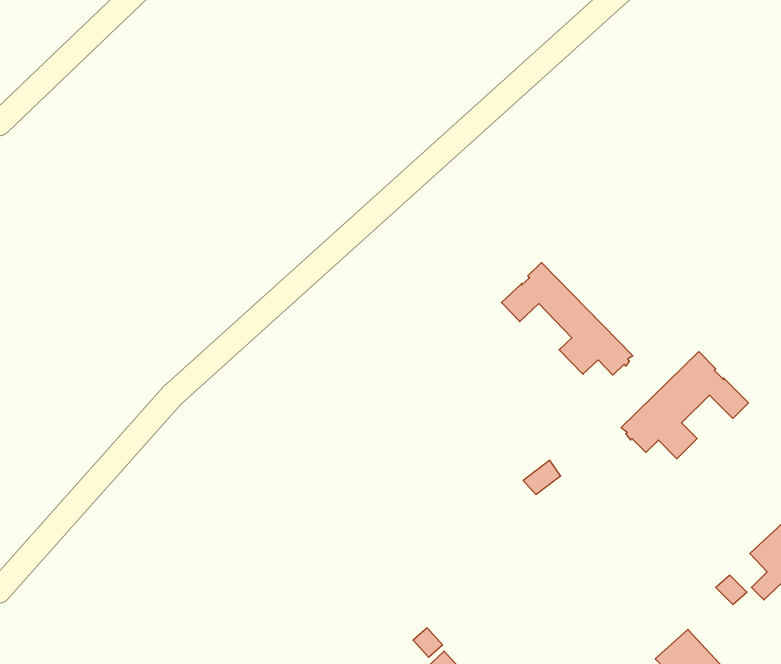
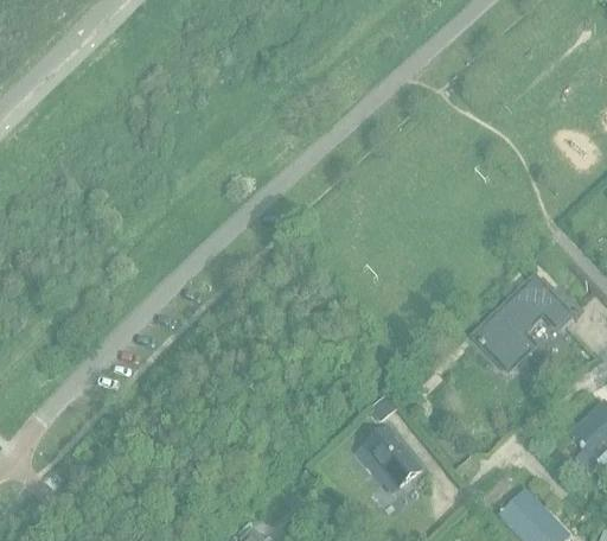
building: [501,263,633,375] -> none
building: none -> [358,426,420,489]

